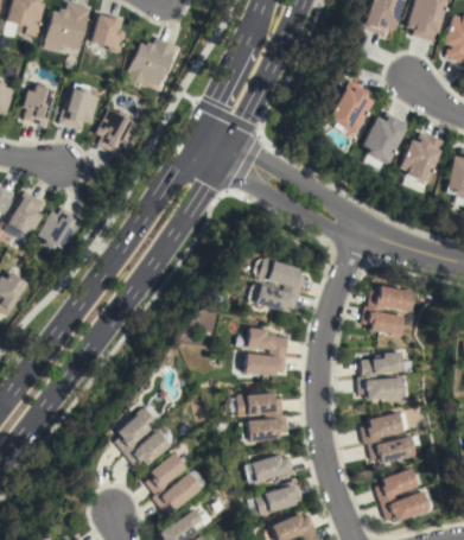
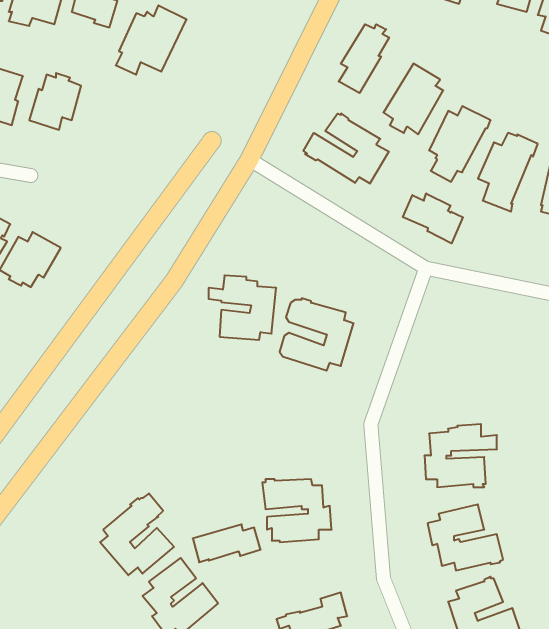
building: none -> [339,24,389,93]
building: [97,109,134,155] -> none
building: none -> [303,113,389,184]
building: none -> [403,193,463,243]
building: [363,286,417,336] -> none
building: [237,328,288,376] -> [209,275,276,340]
building: [243,455,294,483] -> [193,524,261,562]

